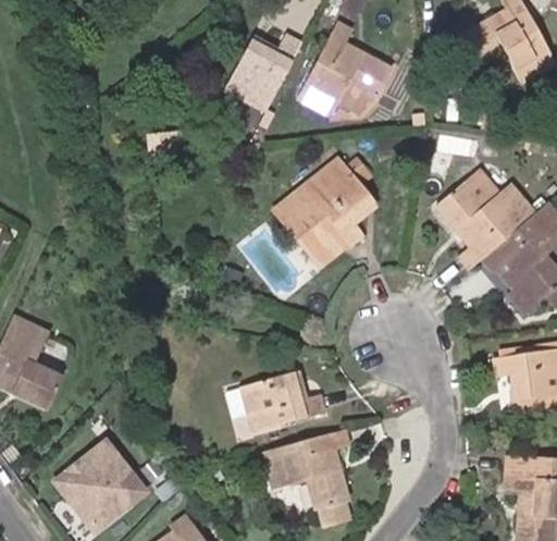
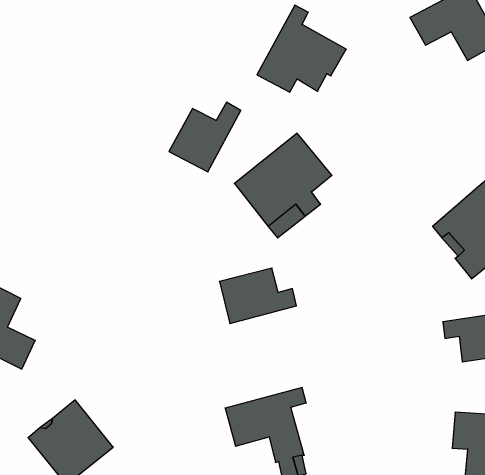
building: [225,34,301,108] -> [169,102,241,172]
building: [436,182,534,268] -> none
building: [242,371,323,430] -> [219,268,296,323]

